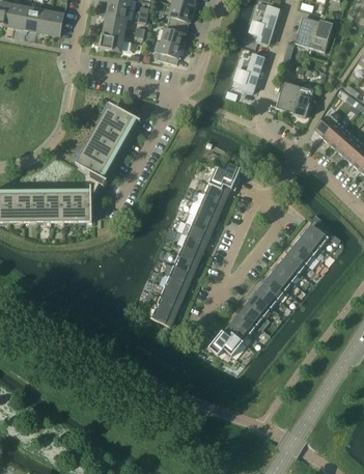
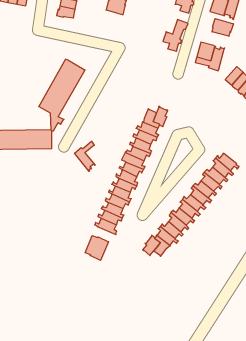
building: [158,39,184,63] -> none
building: none -> [212,19,233,36]
building: none -> [75,141,95,171]
building: none -> [85,236,109,260]

